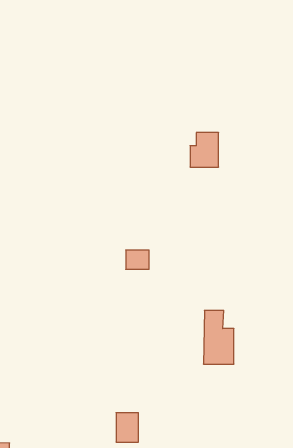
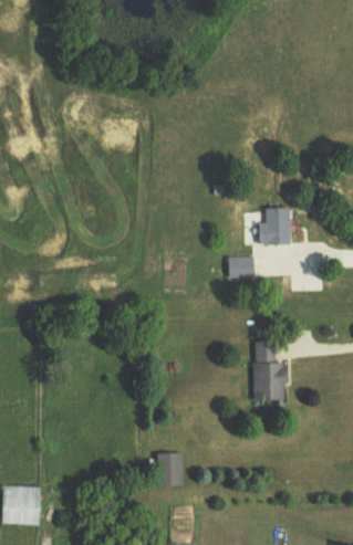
building: [190,133,219,167] -> [259,208,290,245]
building: [126,250,149,269] -> [228,256,253,277]

